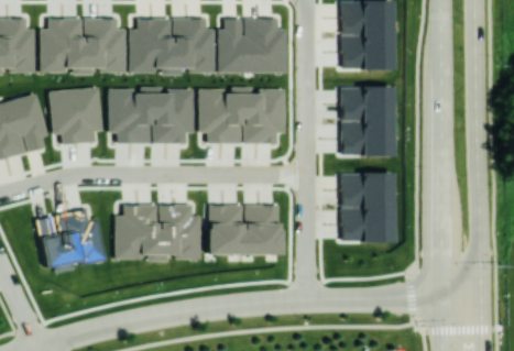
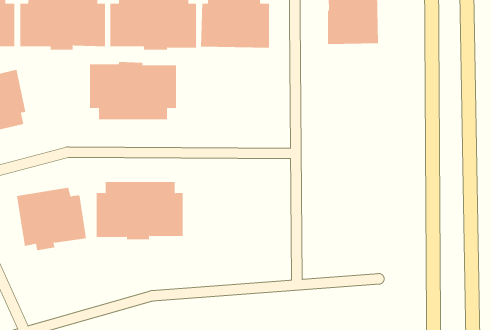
building: [340,85,392,156] -> none
building: [50,87,101,143] -> none
building: [199,87,284,143] -> none
building: [340,172,392,242] -> none
building: [207,204,280,254] -> none

